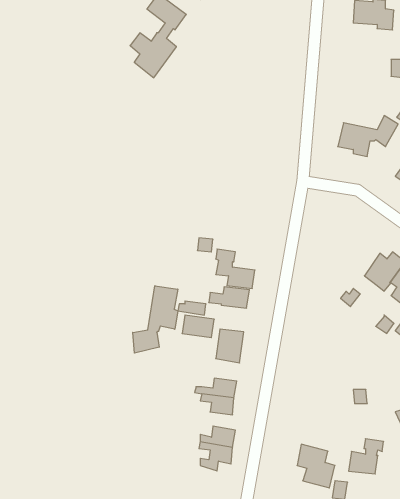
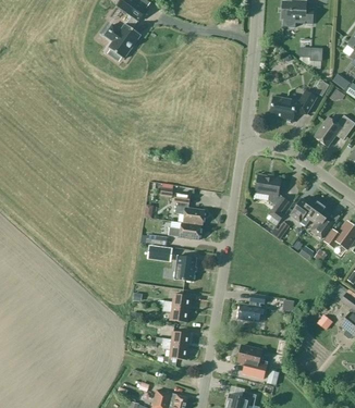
building: none -> [255,174,287,221]
building: [133,286,178,353] -> none
building: [349,439,384,474] -> [237,294,265,321]

